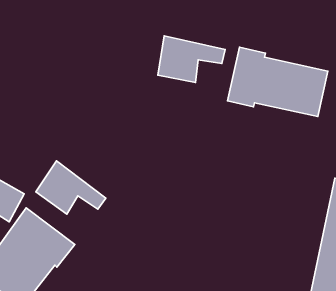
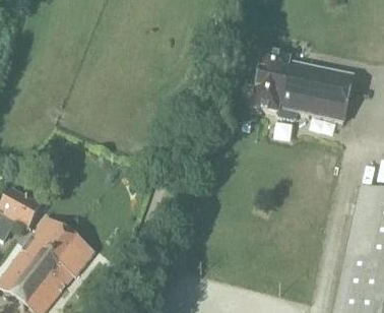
building: [158,36,225,83] -> none
building: [36,161,106,214] -> none

